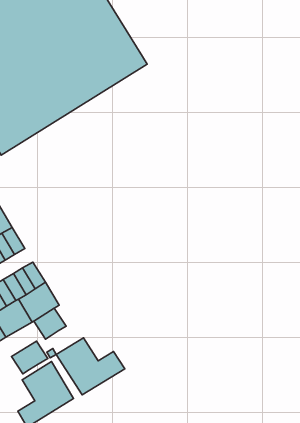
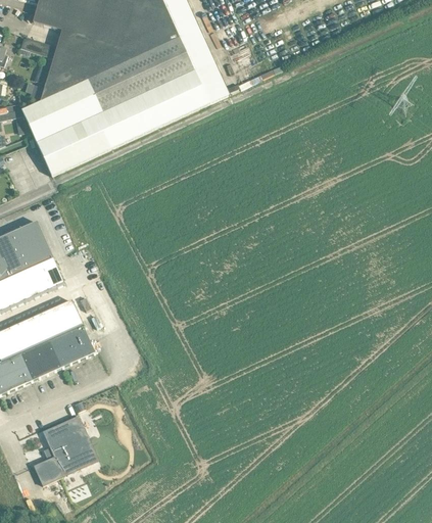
building: [34,308,66,339] -> none
building: [56,338,125,395] -> none
building: [11,341,48,374] -> none

